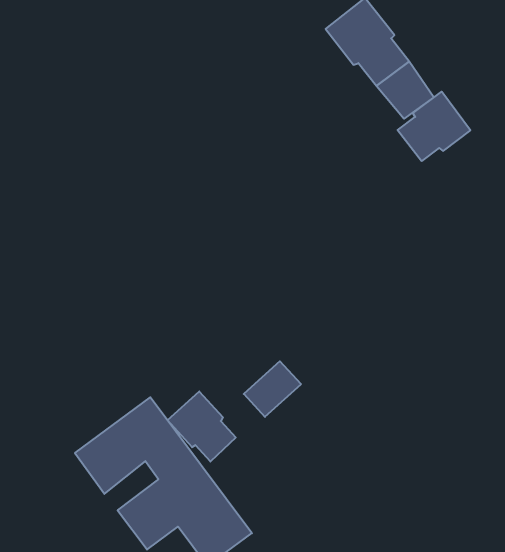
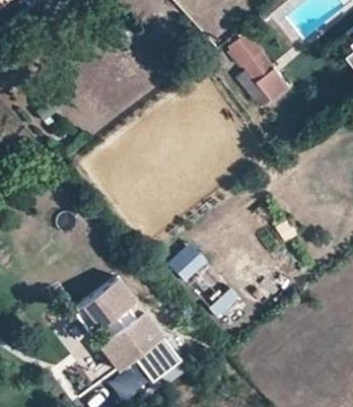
building: [398,92,470,161] -> none
building: [167,391,236,462] -> none

